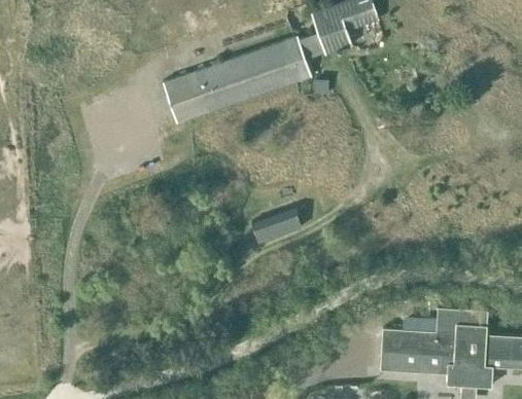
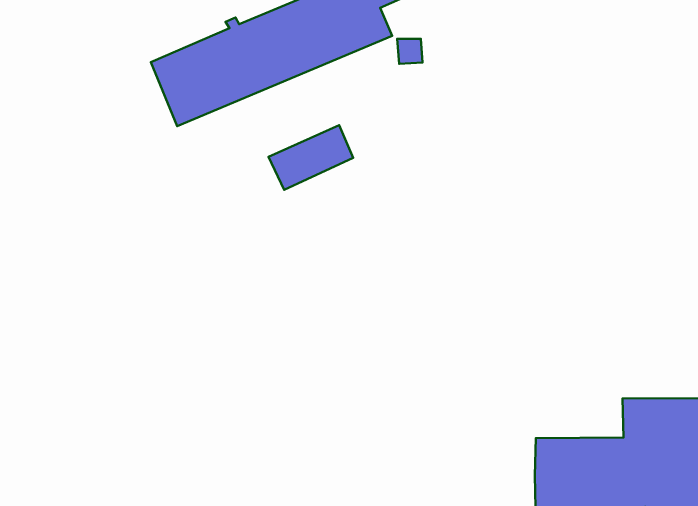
building: [254,204,306,241] -> [269,125,353,190]

